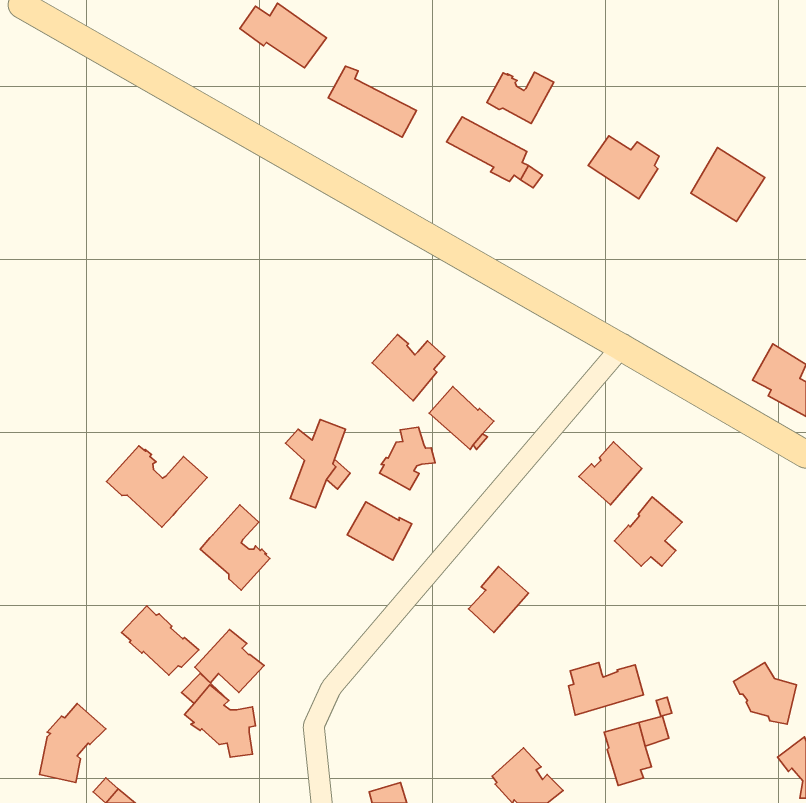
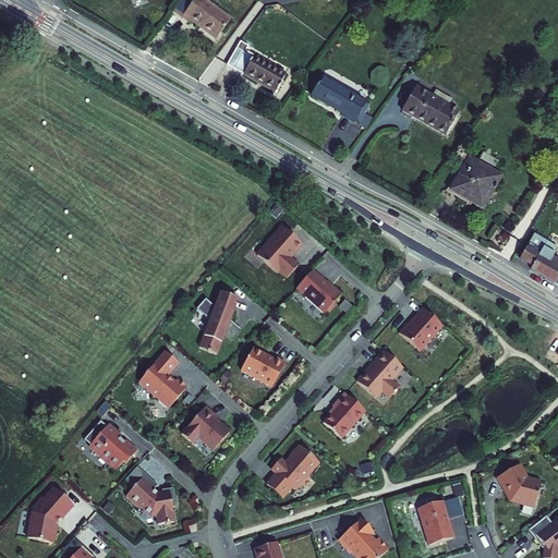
building: [487,72,554,124] -> none
building: [691,147,765,222] -> [451,165,502,216]
building: [380,427,435,490] -> none
building: [107,446,207,527] -> none
building: [614,497,682,566] -> [357,348,404,396]
building: [195,629,264,692] -> [183,404,231,448]
building: none -> [265,444,317,497]
building: [568,662,644,715] -> none

